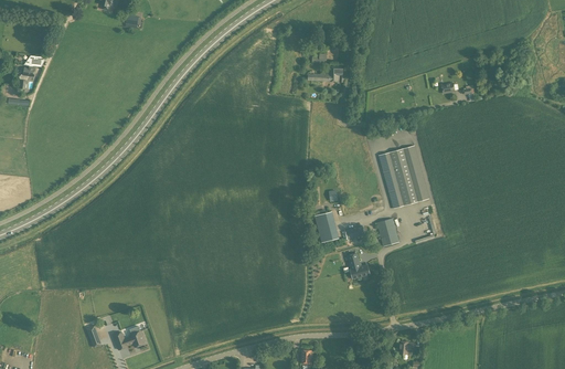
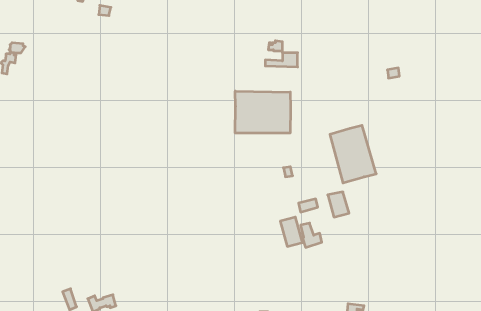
building: none -> [235,91,291,133]
building: [313,210,338,242] -> [280,217,302,246]

